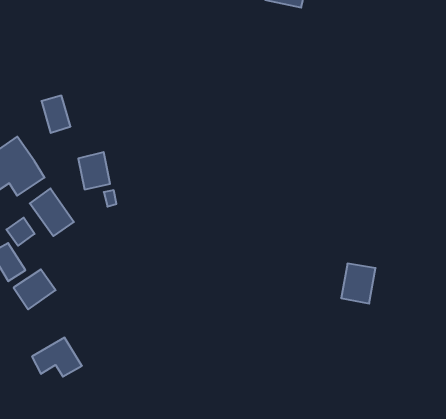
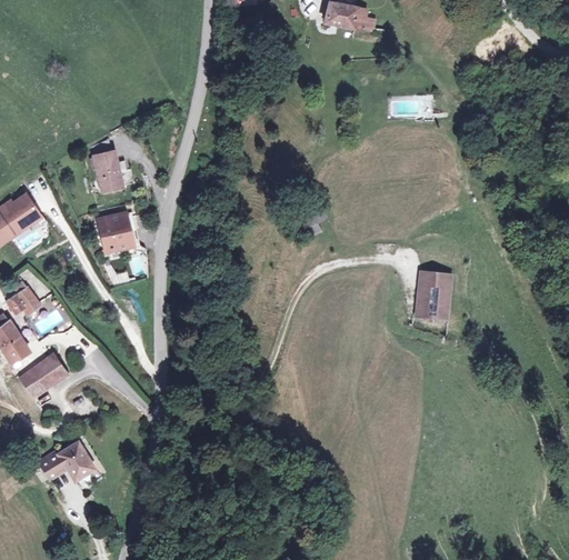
building: [41,96,71,133] -> [90,150,126,196]
building: [30,188,74,236] -> none
building: [341,264,376,304] -> [413,269,456,318]

